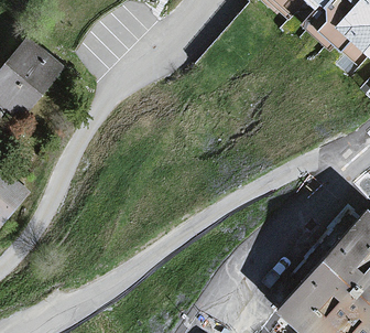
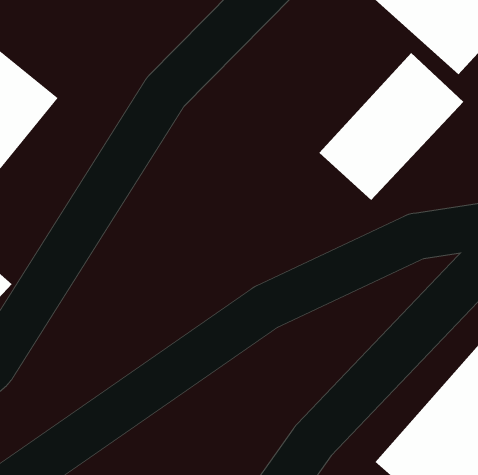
building: none -> [318,52,464,201]

